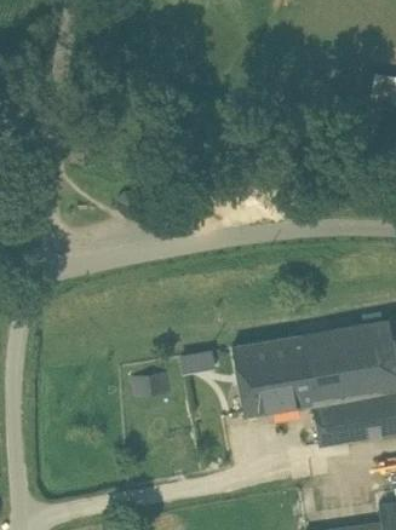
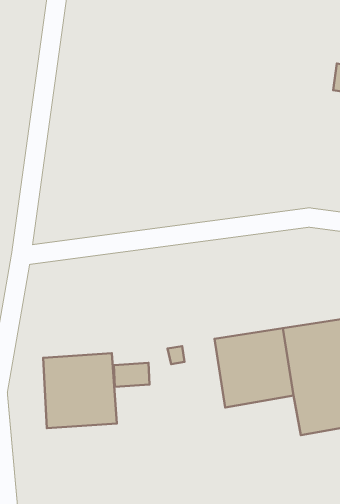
building: none -> [43,353,117,428]

